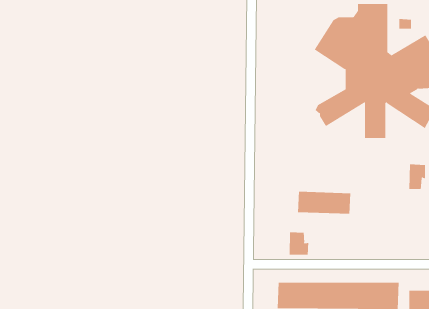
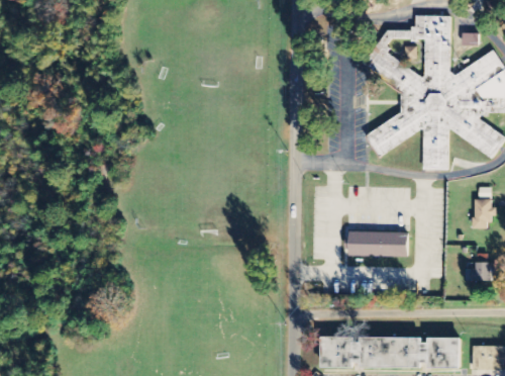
building: none -> [466,264,492,282]
building: [289,231,309,255] -> none

